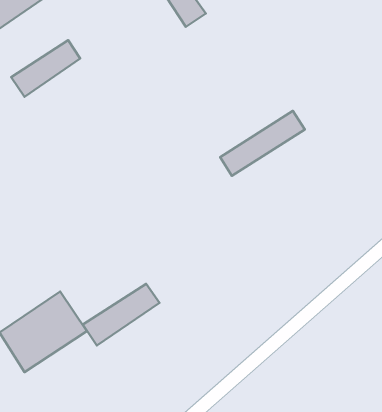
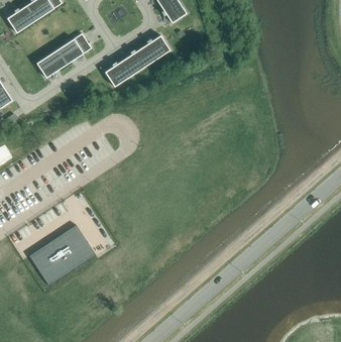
building: [220,111,305,176] -> [107,35,172,85]
building: [83,284,159,346] -> none

